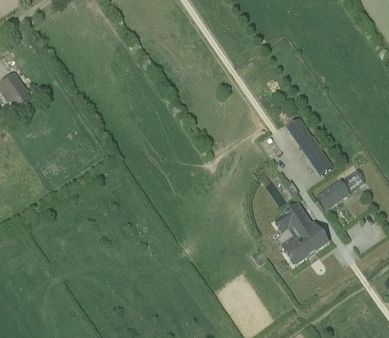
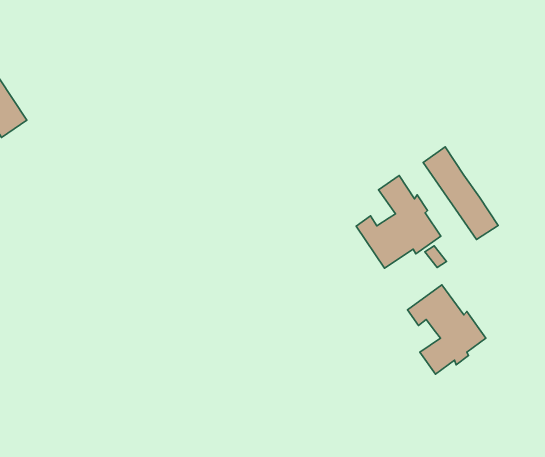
building: none -> [356,176,441,268]
building: [315,179,350,210] -> none

